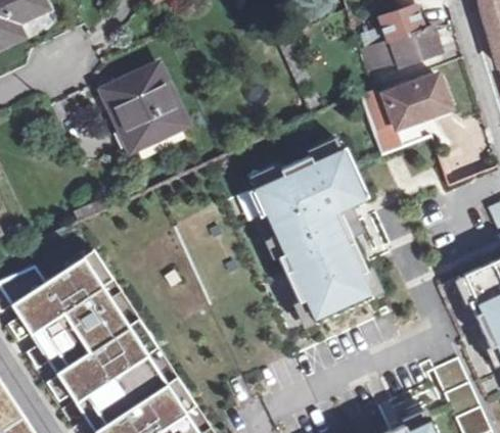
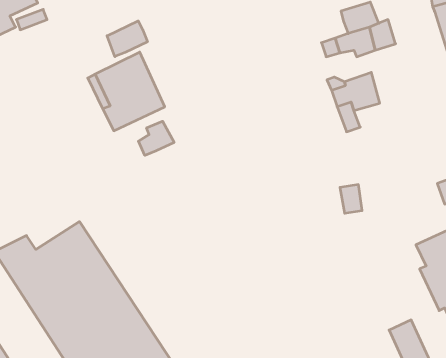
building: none -> [107,21,147,57]
building: [414,77,449,118] -> none
building: none -> [138,121,174,155]
building: [247,147,371,323] -> none

